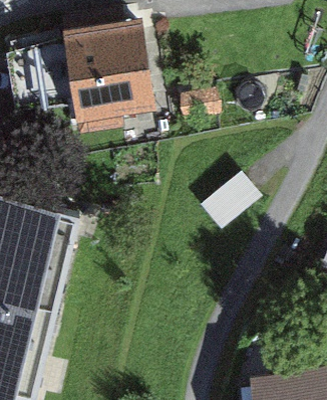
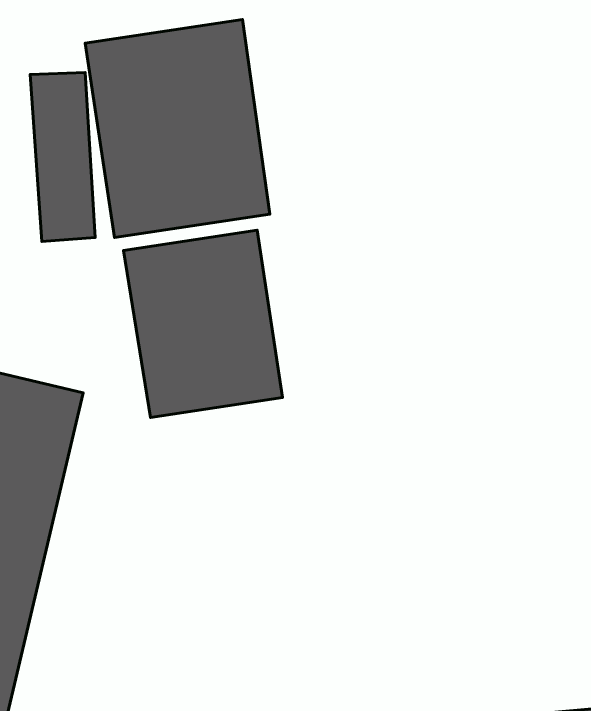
building: none -> [124,230,282,417]

